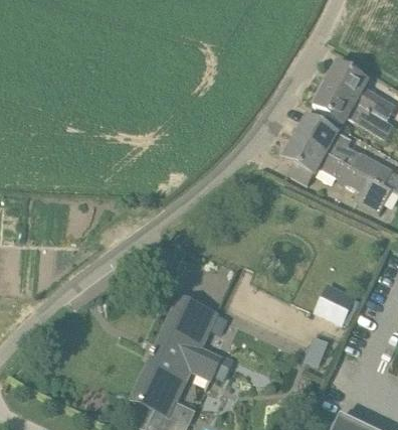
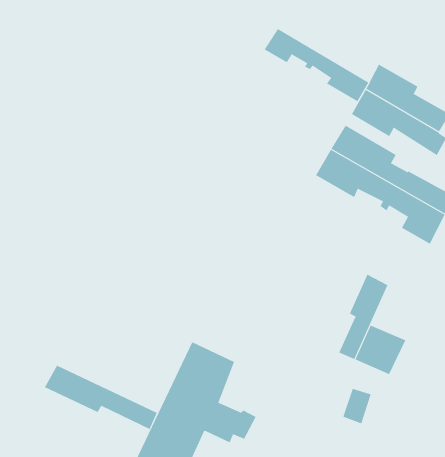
building: none -> [264,28,369,102]
building: none -> [338,274,388,360]
building: none -> [44,365,157,430]

